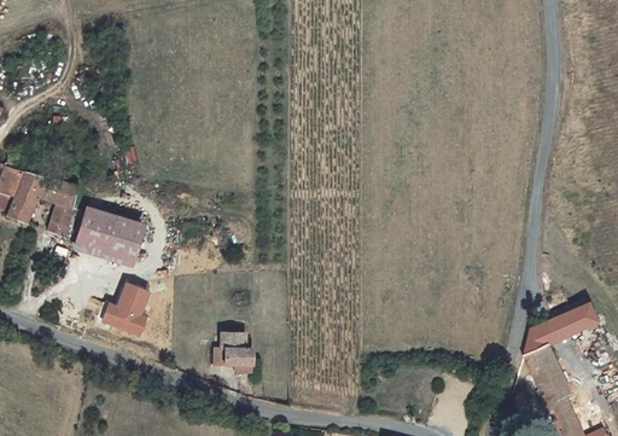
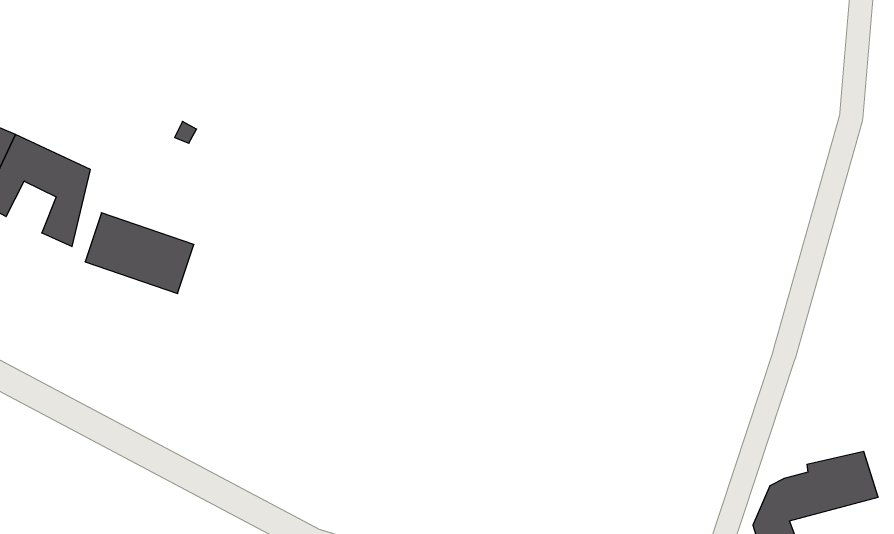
building: [95,284,151,338] -> none
building: [217,341,251,371] -> none

